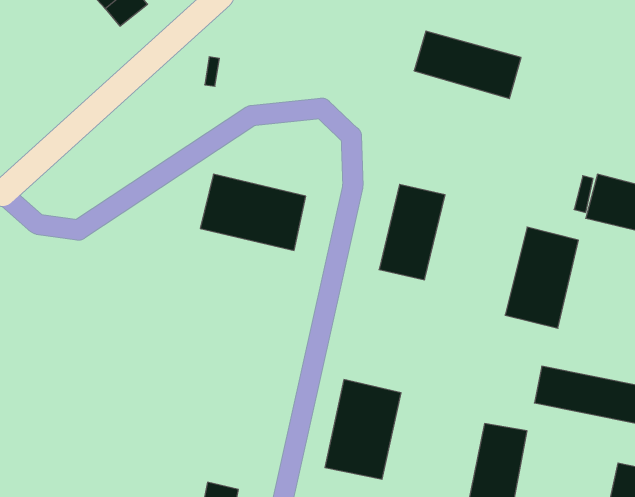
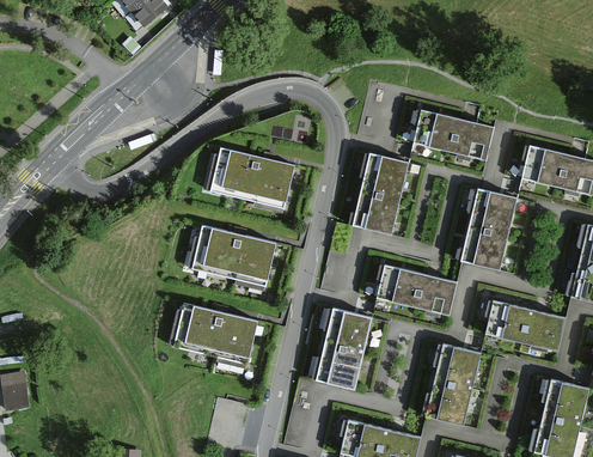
building: [414,31,521,99] -> [412,105,500,160]
building: none -> [192,224,279,285]
building: none -> [379,264,458,323]
building: none -> [171,301,257,364]

